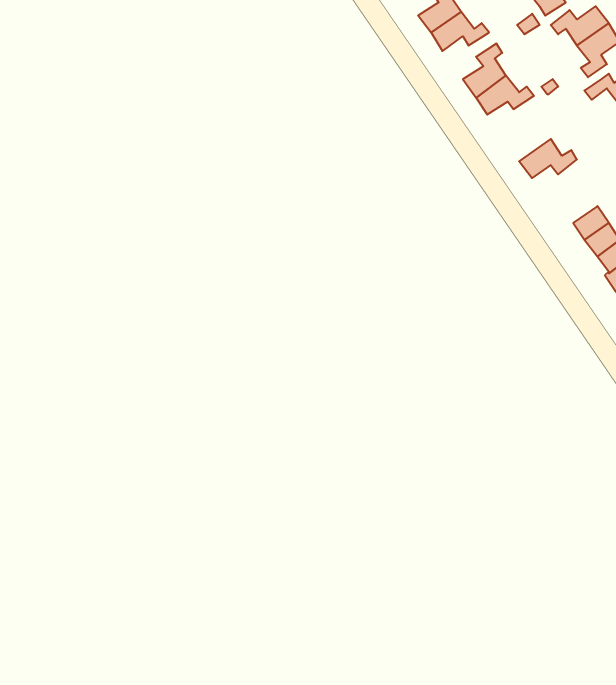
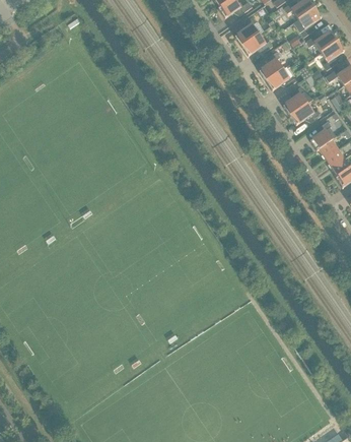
building: none -> [283,85,312,115]
building: none -> [310,120,337,149]

